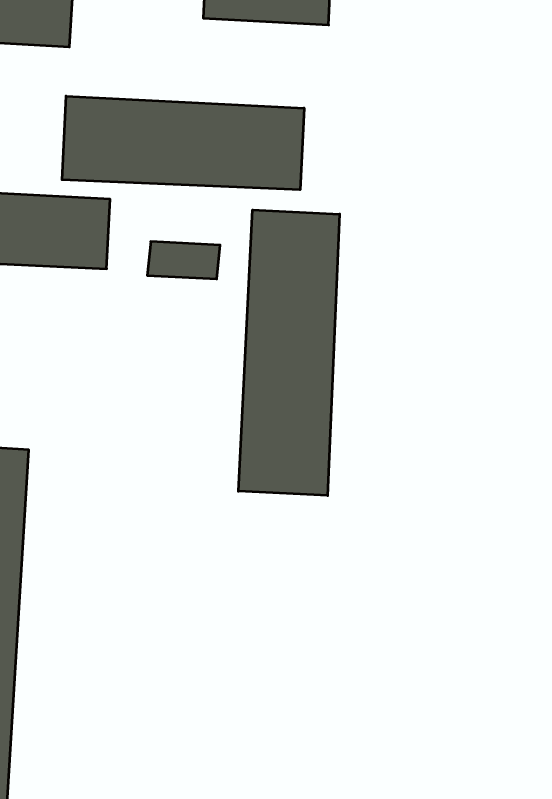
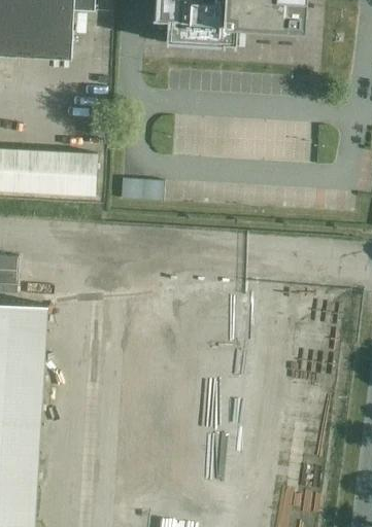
building: [62,96,304,190] -> none
building: [238,210,340,496] -> none

